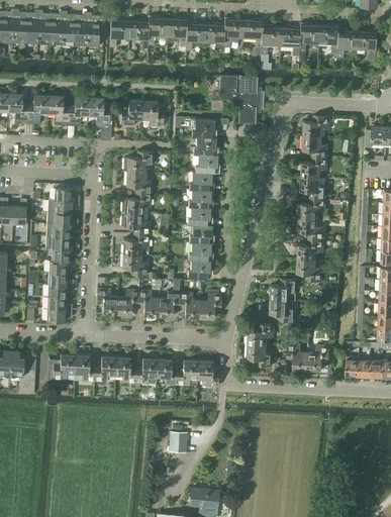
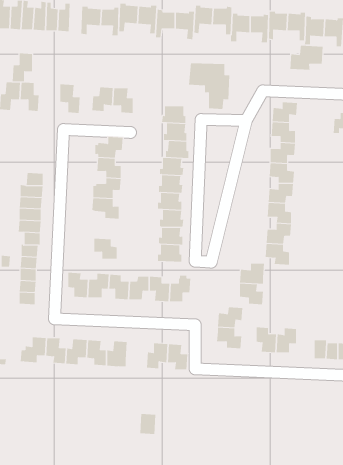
building: none -> [290,45,323,71]
building: [68,96,89,125] -> [12,53,33,82]
building: [123,233,150,254] -> none
building: [157,358,178,385] -> none

